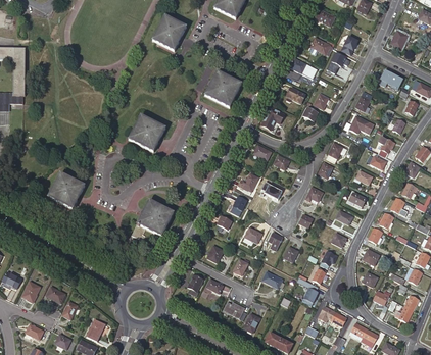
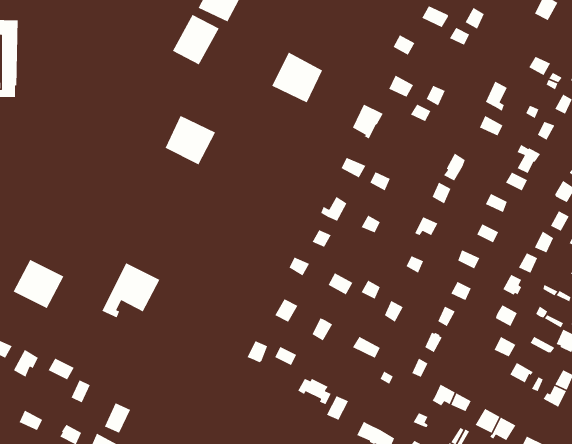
building: none -> [172,14,220,65]
building: [48,172,85,208] -> [13,259,64,309]
building: [132,200,174,240] -> [101,262,160,318]

